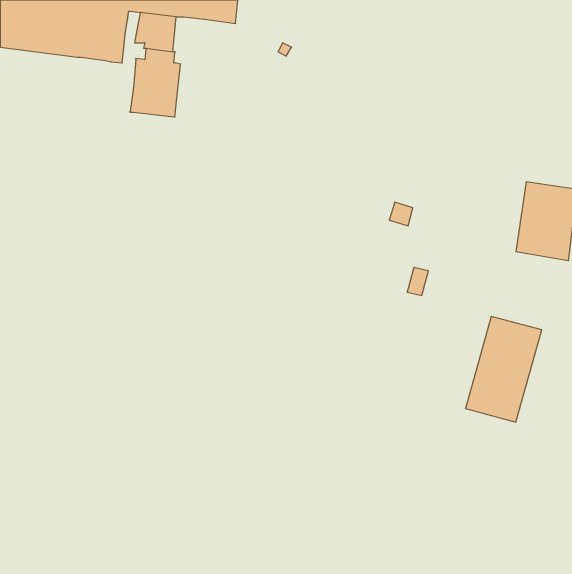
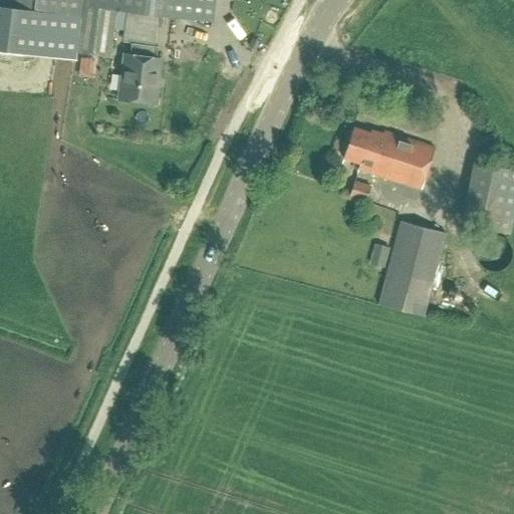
building: none -> [343,126,435,190]
building: [465,316,542,422] -> [377,222,446,316]

